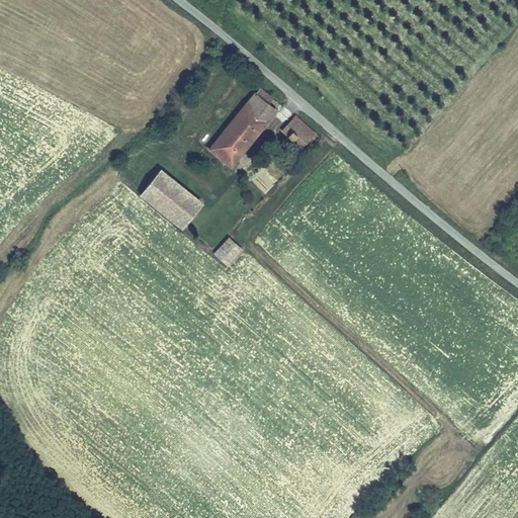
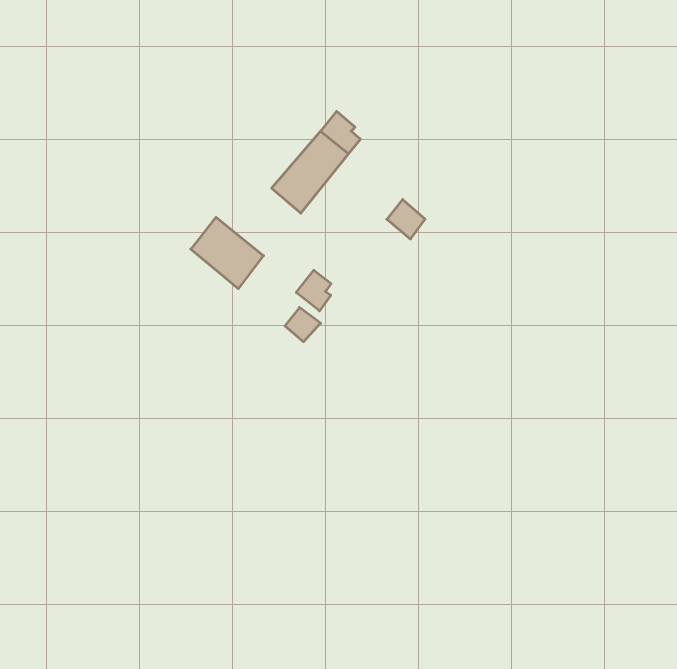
building: [282,120,312,151] -> [387,199,425,239]
building: none -> [296,270,331,311]

